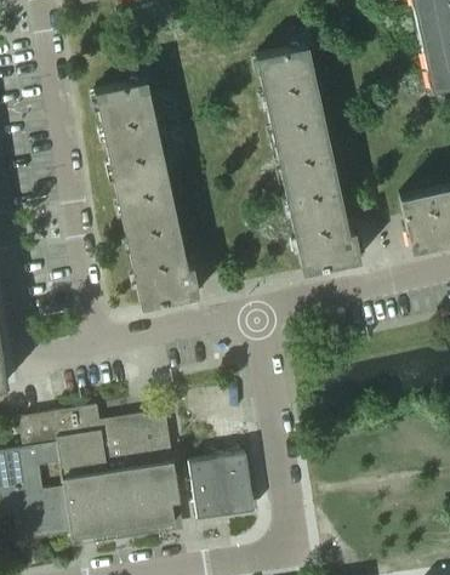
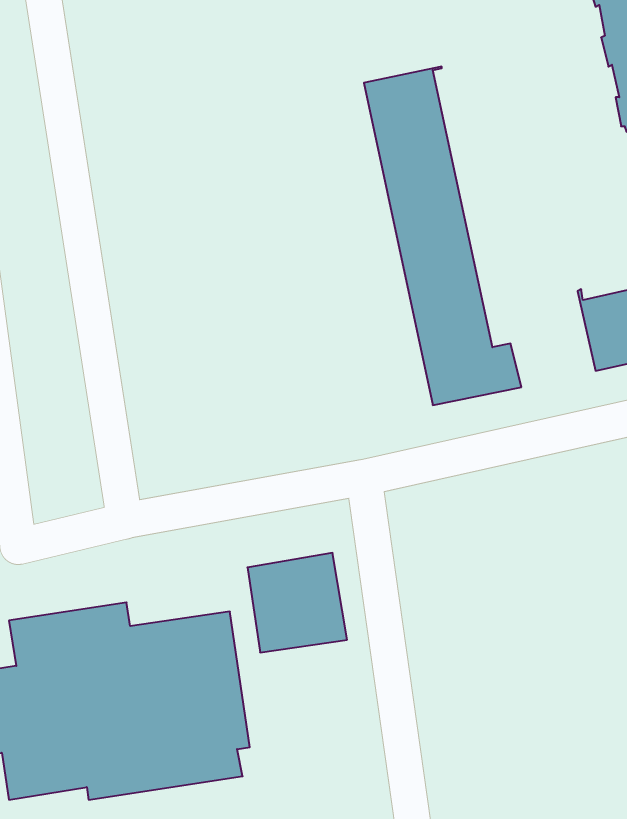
building: [96,80,201,307] -> none
building: [189,452,256,519] -> [247,553,347,652]

